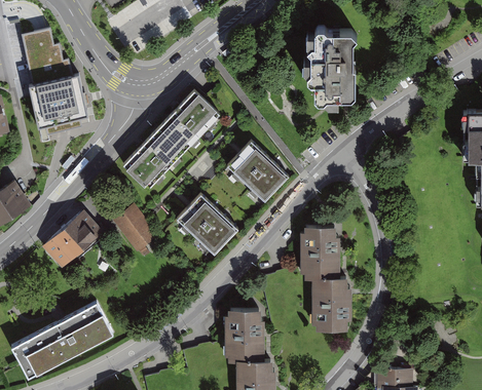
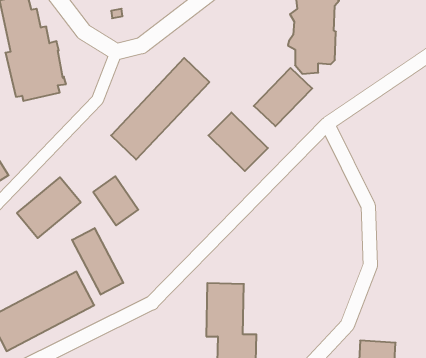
building: none -> [254,68,312,126]
building: [177,195,236,254] -> none
building: [301,226,350,330] -> none
building: none -> [72,228,123,295]

